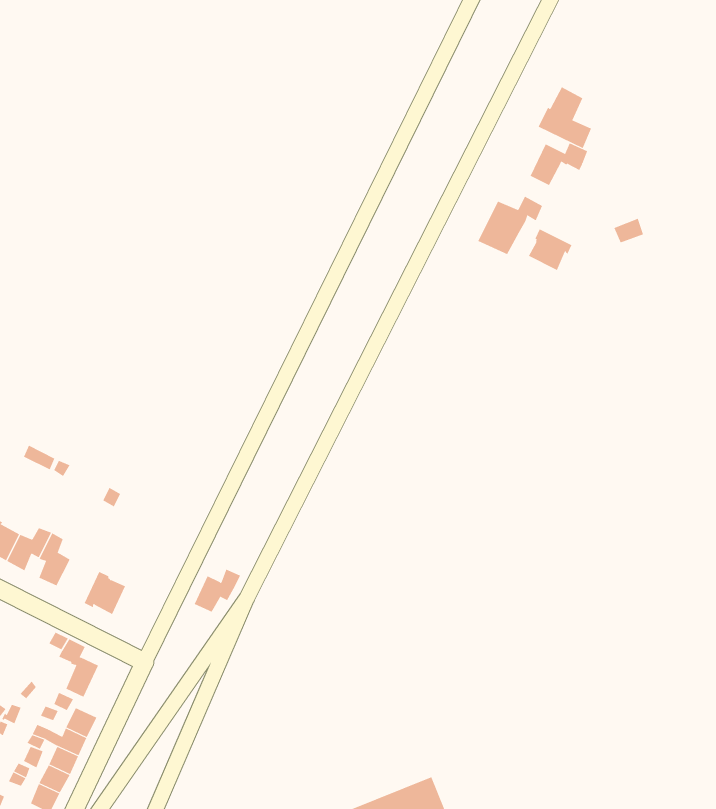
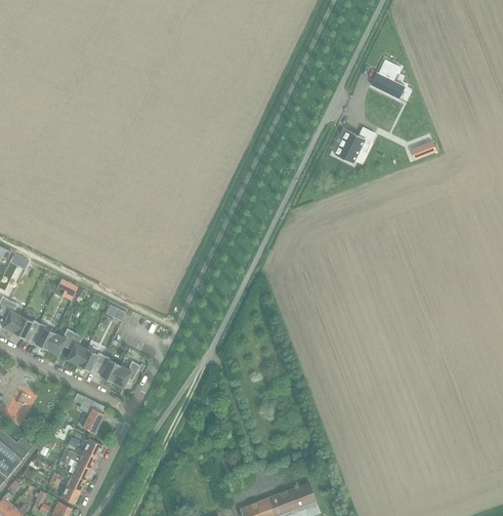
building: [530,143,588,186] -> none
building: [528,229,572,271] -> none
building: none -> [77,349,102,375]
building: [194,569,241,613] -> [111,361,139,388]

